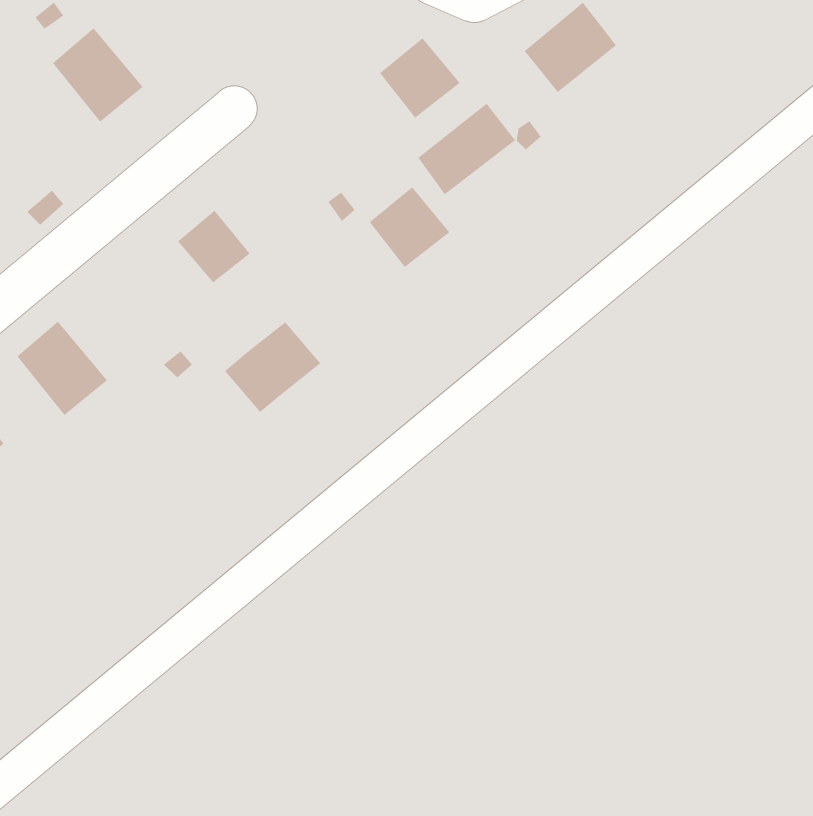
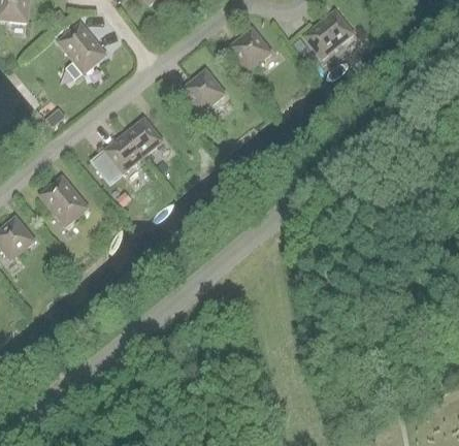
building: [417,103,516,195] -> none
building: [369,186,450,268] -> [183,69,225,112]
building: [224,322,321,413] -> [92,134,142,182]

